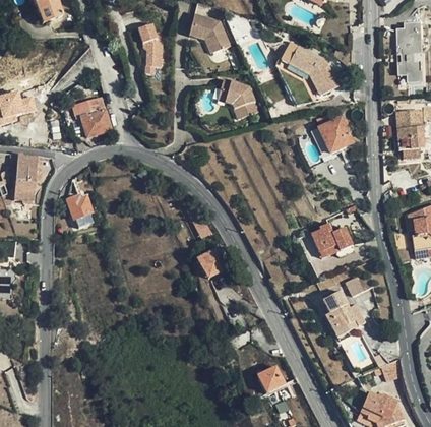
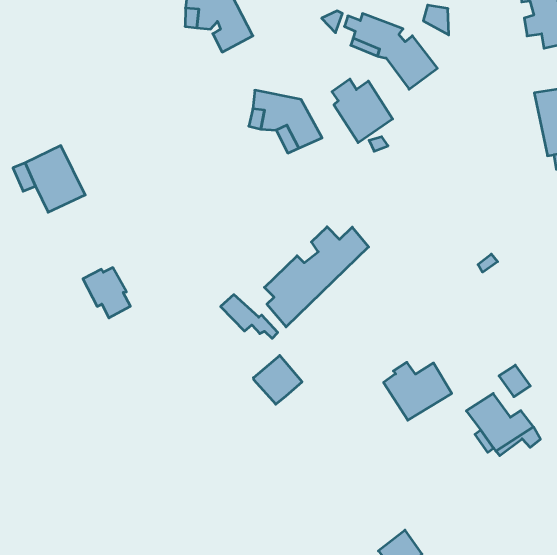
building: [137,23,163,67] -> none
building: [318,114,353,154] -> [332,79,393,143]
building: none -> [264,227,369,327]
building: [66,196,93,227] -> [83,268,130,318]
building: [313,223,354,258] -> [384,362,452,420]

